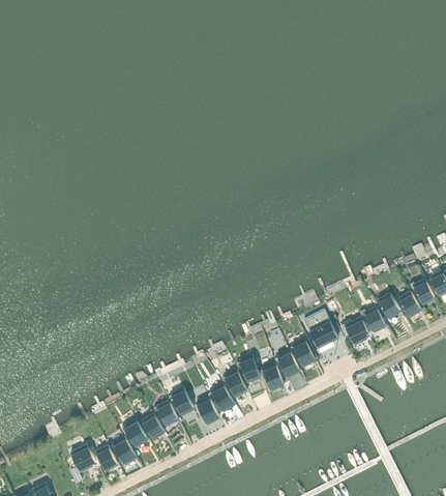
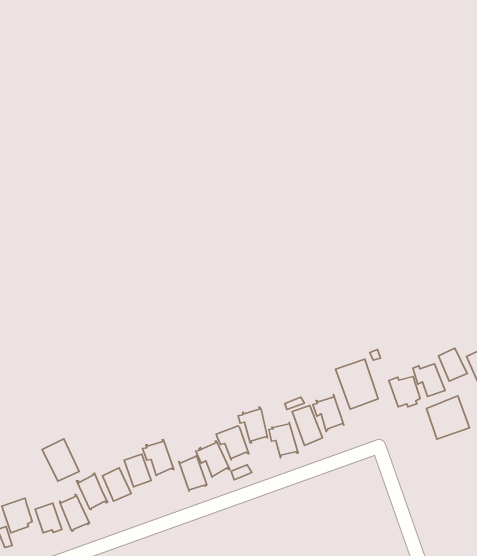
building: none -> [426,396,469,439]
building: none -> [42,439,79,481]

